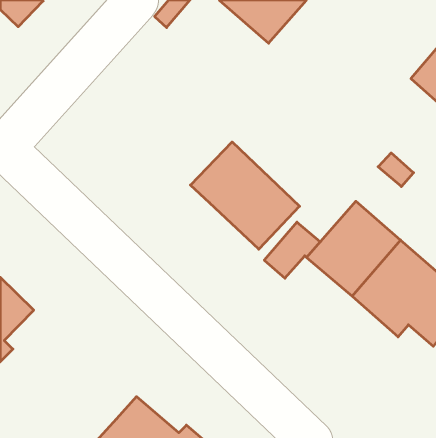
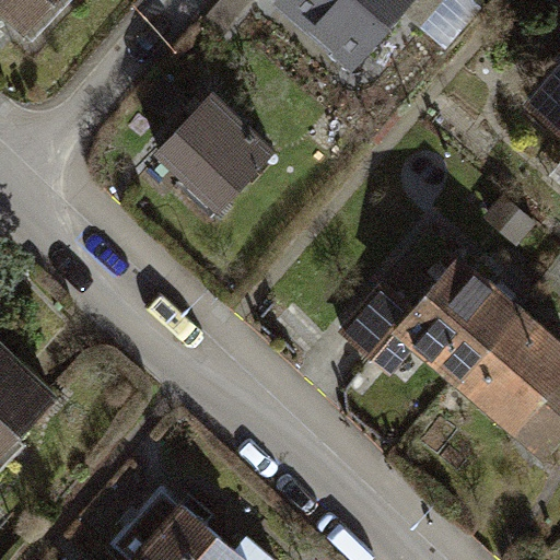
building: none -> [156,96,269,217]
building: [190,142,300,249] -> none

